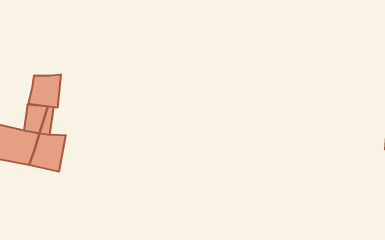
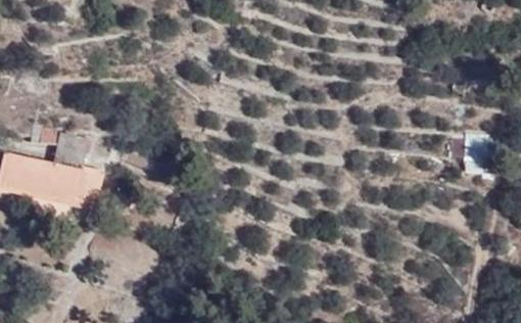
building: [29,74,61,108] -> none

